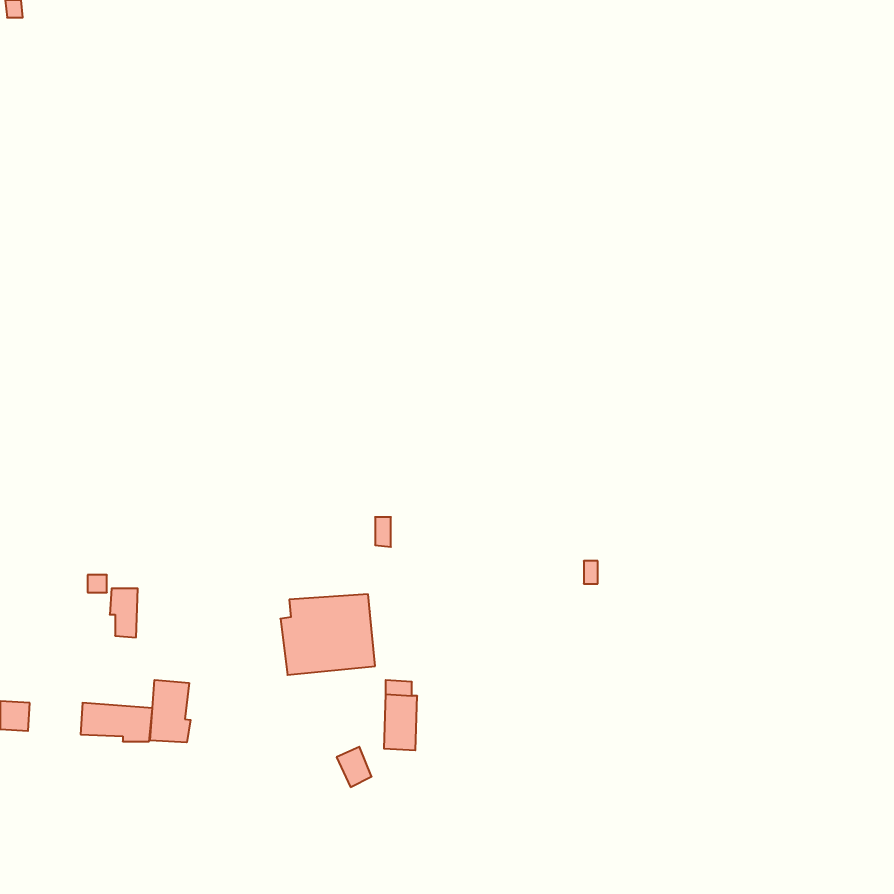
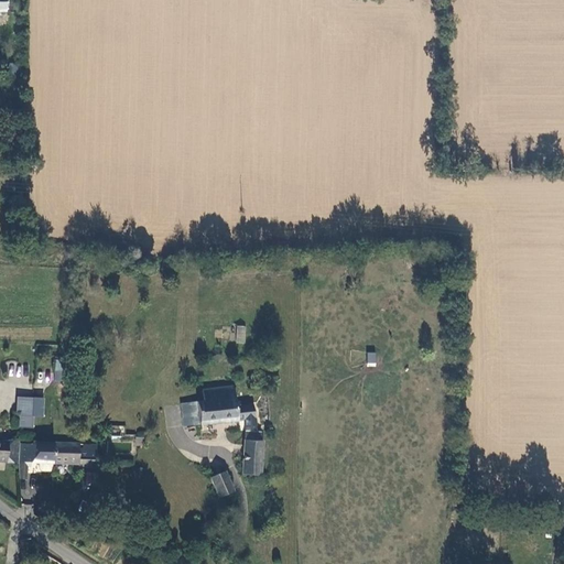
building: [110,588,138,637] -> [18,400,35,431]
building: [150,680,191,742] -> none
building: none -> [19,442,53,474]

